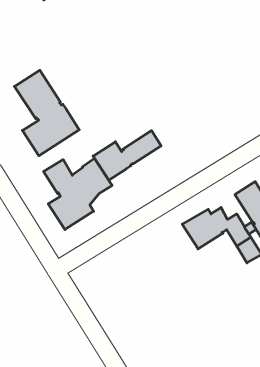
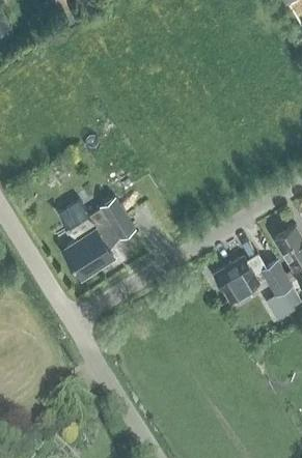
building: [14,70,79,156] -> none
building: [93,131,161,180] -> none

